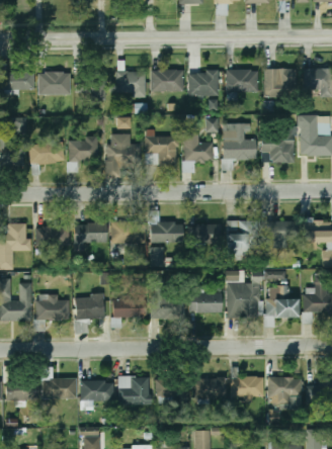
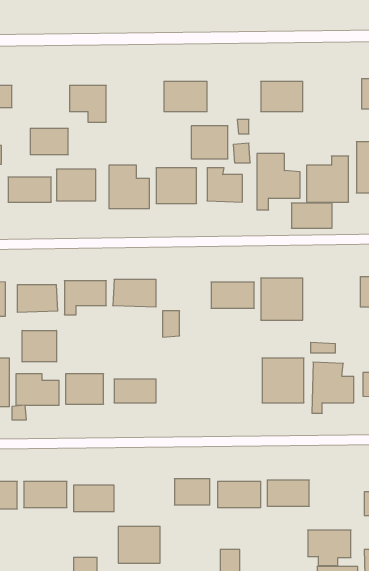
building: [264,69,296,97] -> none
building: [189,71,218,96] -> [191,126,228,159]
building: [116,72,146,99] -> none
building: [39,73,69,93] -> [30,128,68,155]
building: [150,221,181,243] -> none
building: [264,221,296,241] -> [291,203,332,228]
building: none -> [22,330,56,362]
building: [151,282,183,318] -> none
building: [189,293,221,312] -> none
building: [117,376,150,405] -> [118,526,160,563]
building: [267,377,301,405] -> [308,530,351,566]

